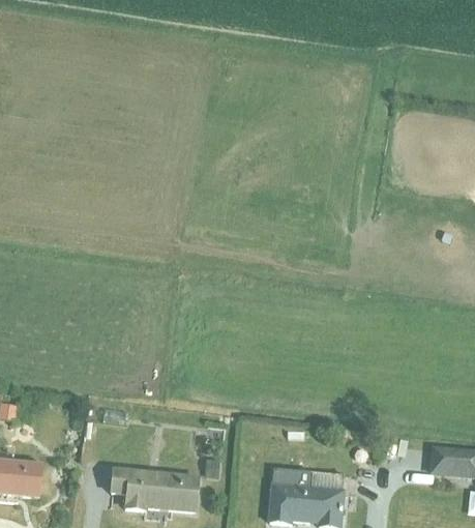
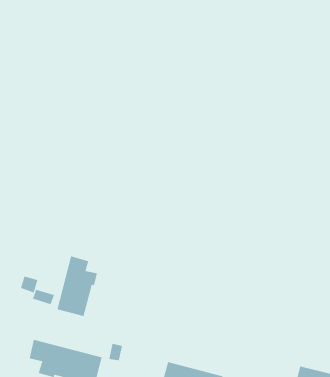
building: none -> [57,256,98,317]

